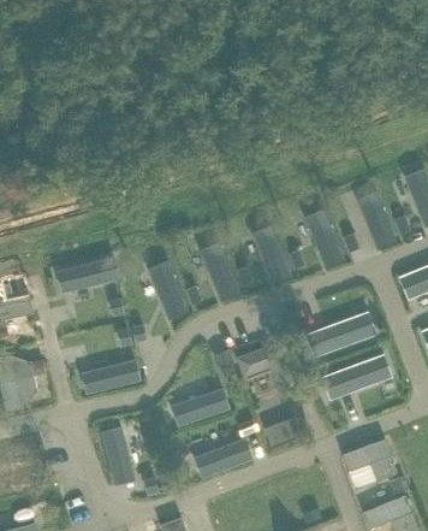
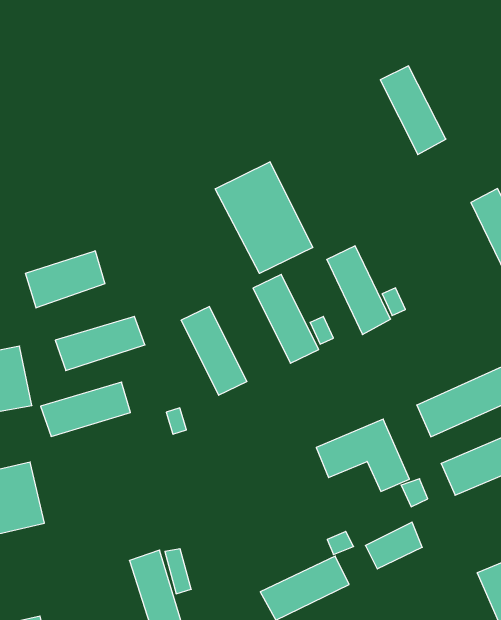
building: none -> [215,162,313,273]
building: [301,202,344,265] -> [380,66,446,155]
building: none -> [26,251,105,308]
building: [79,359,142,394] -> [41,382,130,436]
building: [168,387,231,426] -> none

